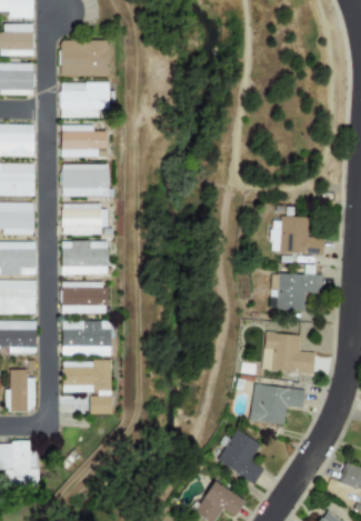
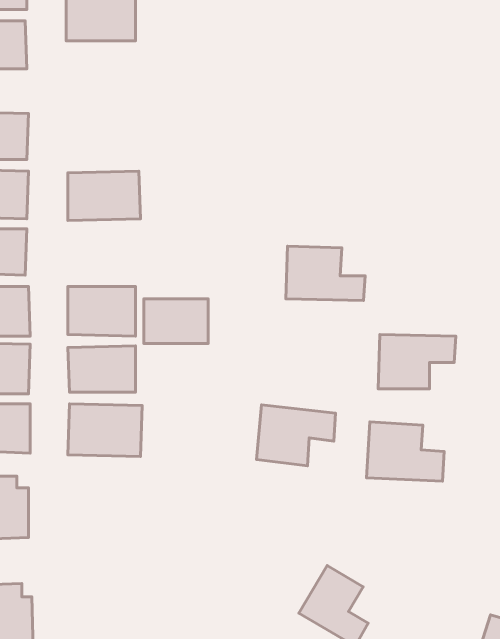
building: [61,82,110,117] -> none
building: [61,124,108,157] -> none
building: [62,204,106,234] -> [144,299,208,343]
building: [271,217,324,253] -> [286,246,365,301]
building: [63,360,112,413] -> none
building: [251,383,304,424] -> [256,405,336,466]

